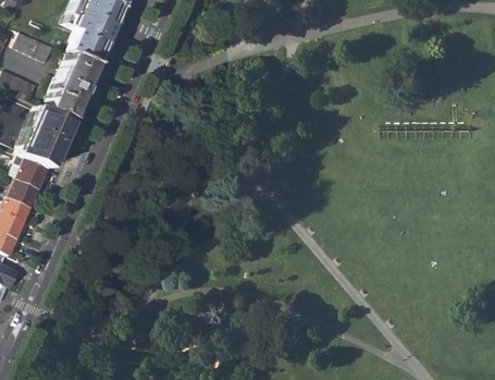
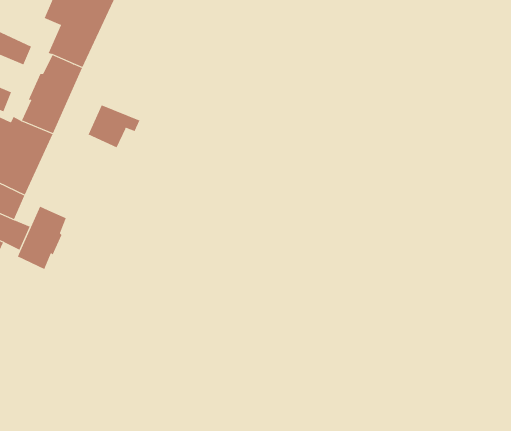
building: none -> [88,104,140,148]
building: none -> [17,206,66,270]

